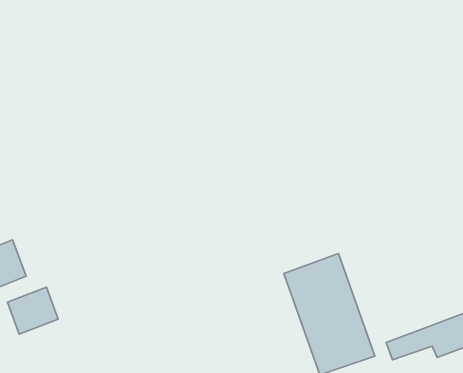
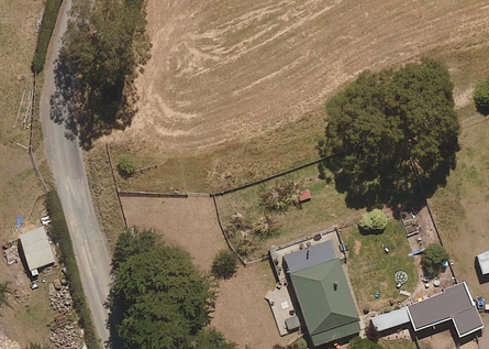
building: [7,287,58,334] -> none

